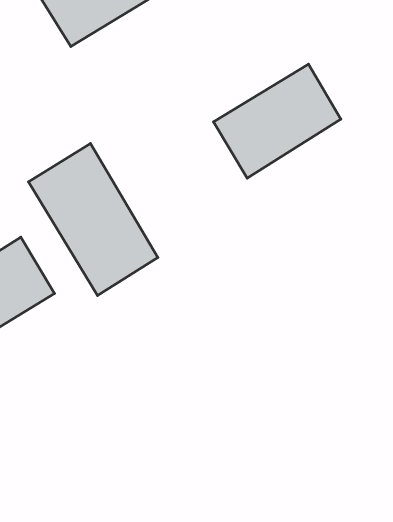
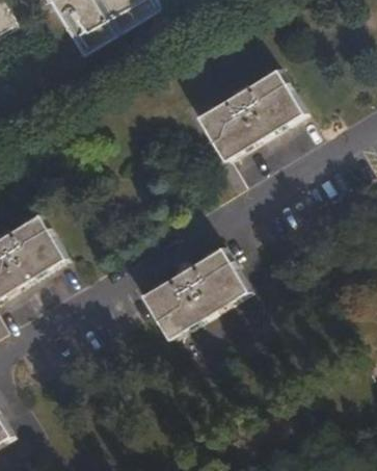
building: [28,143,158,296] -> none
building: none -> [143,247,250,342]

